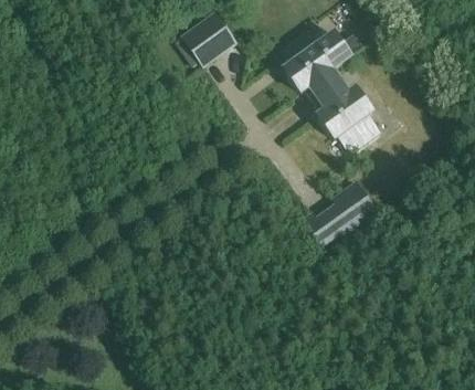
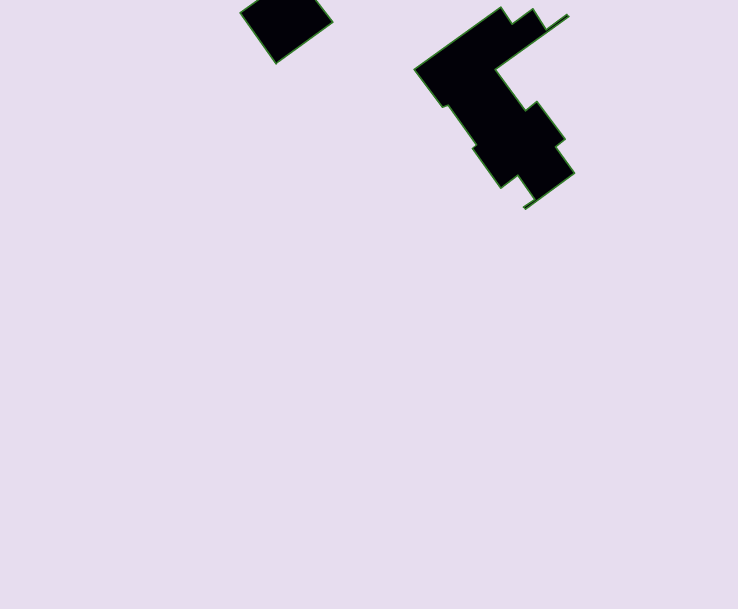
building: [304,183,377,250] -> none

